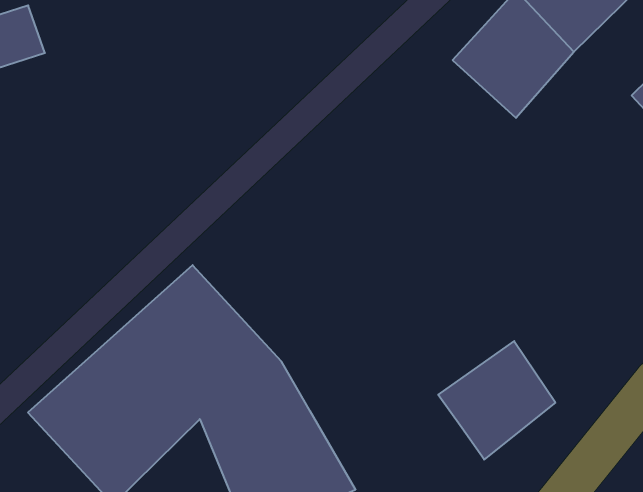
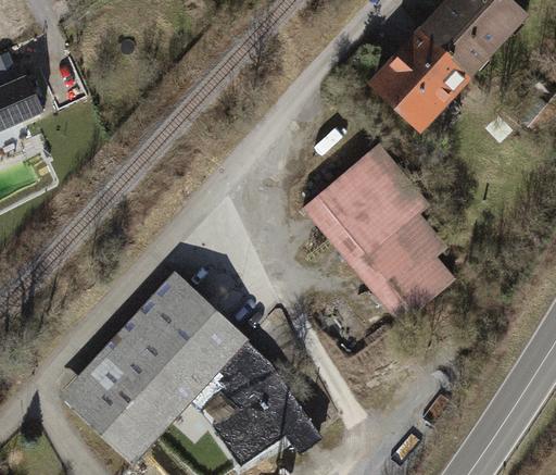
building: none -> [302,151,458,323]
building: [438,341,555,460] -> none

